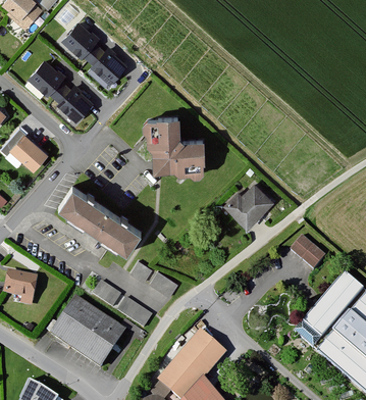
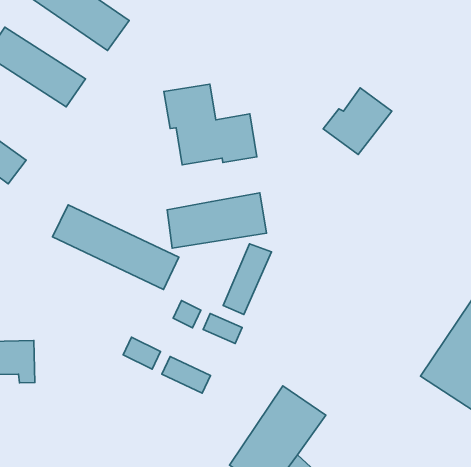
building: [224,183,272,228] -> [323,88,392,155]
building: none -> [167,193,266,248]
building: none -> [223,244,272,315]
building: [292,236,325,267] -> none
building: [52,300,123,366] -> none

